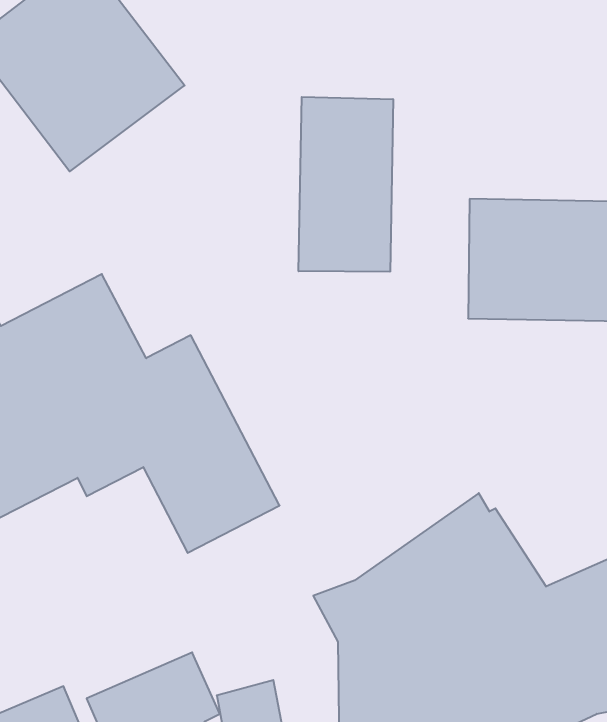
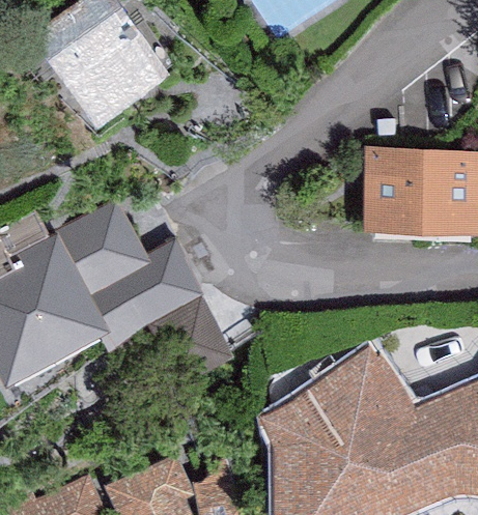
building: [299,97,393,272] -> none

